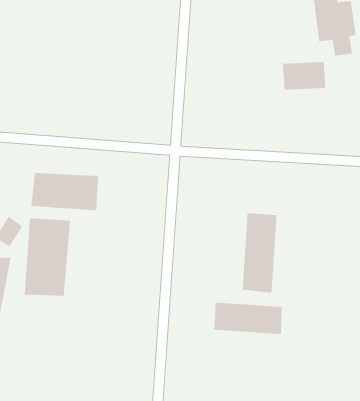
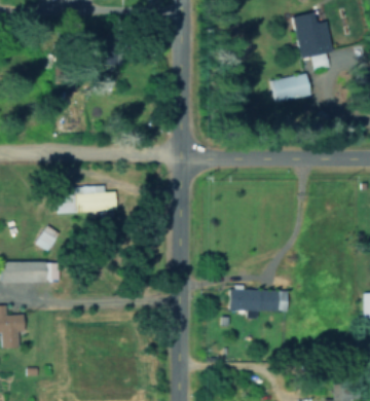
building: [242,213,277,293] -> none
building: [24,217,71,296] -> none

